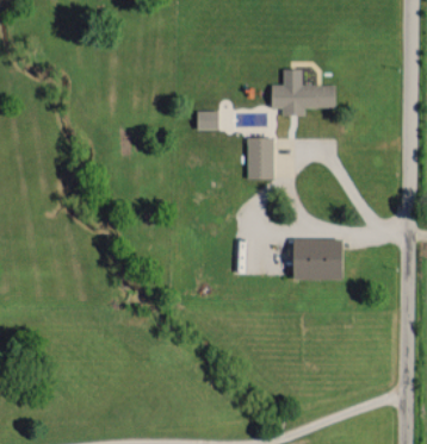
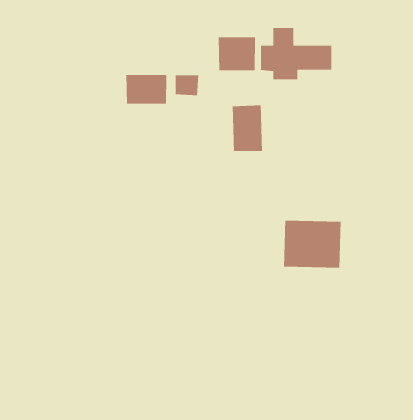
building: none -> [218,36,256,71]
building: none -> [125,74,167,104]

